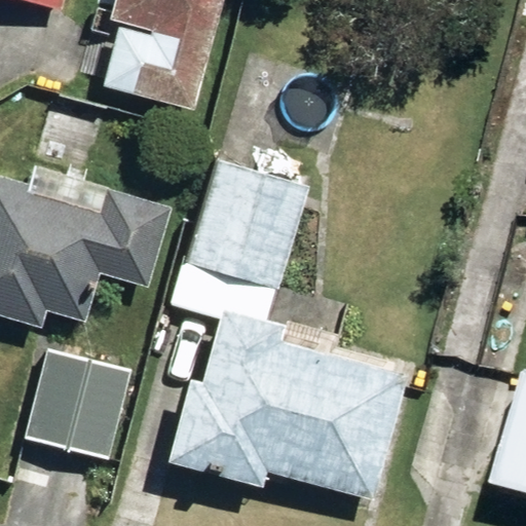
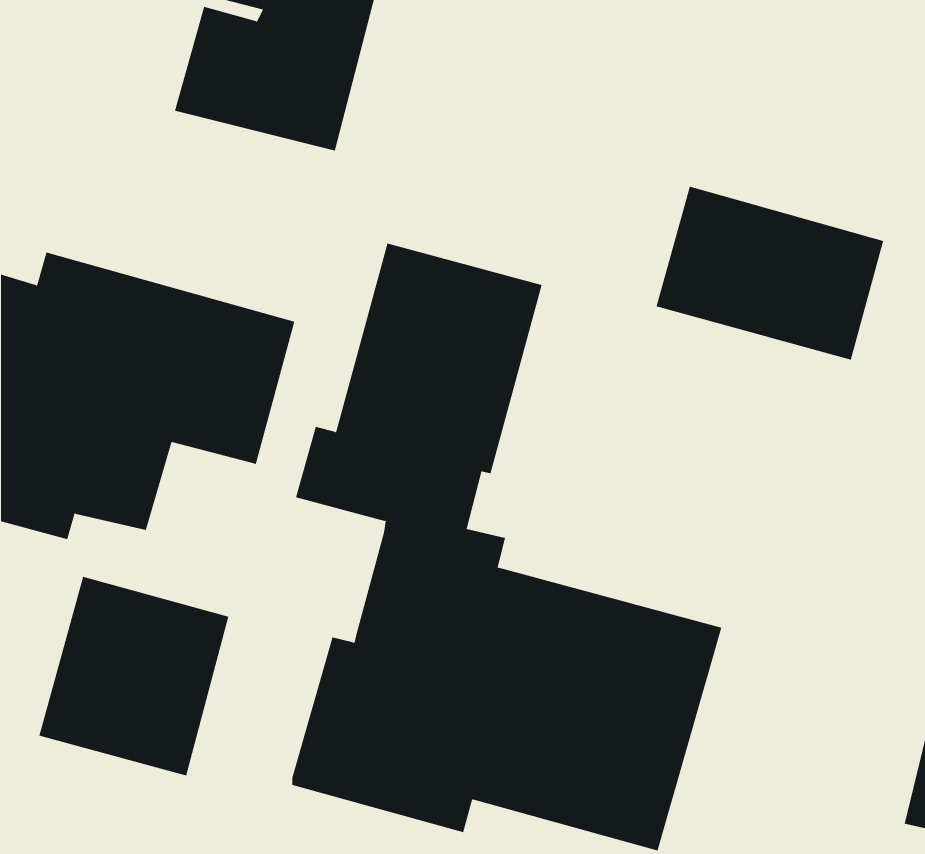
building: none -> [656,186,884,360]

